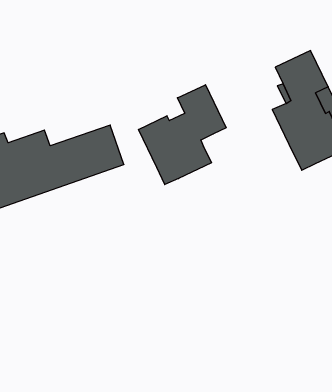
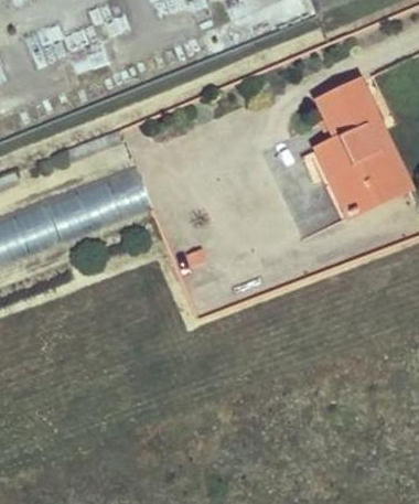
building: [139,85,226,185] -> none

